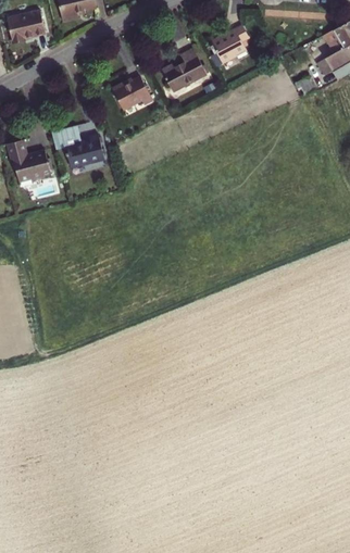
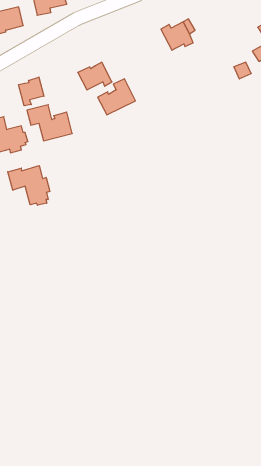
building: [162,48,207,90] -> [98,79,135,115]
building: none -> [19,77,44,106]
building: none -> [8,166,50,205]

